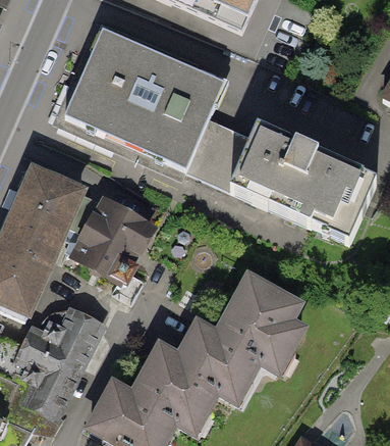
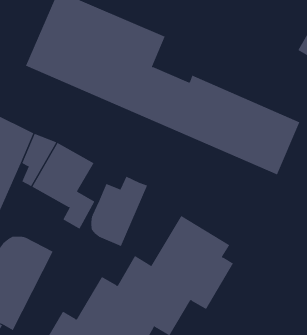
building: none -> [91,176,148,247]

